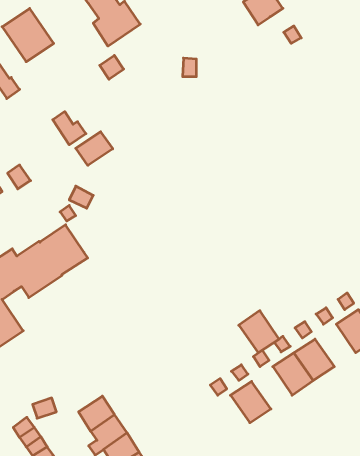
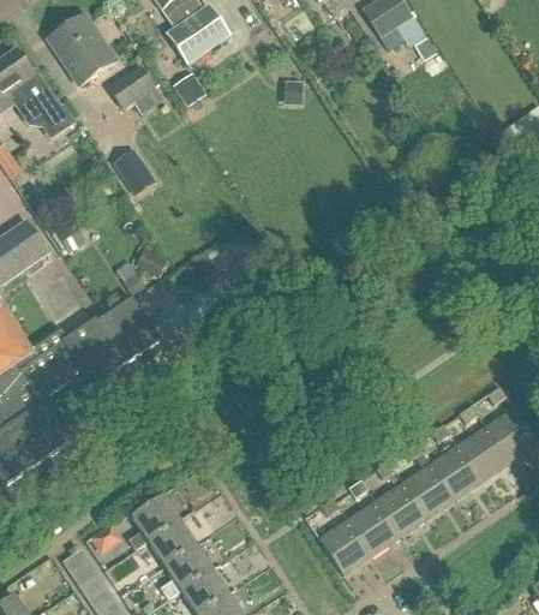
building: none -> [108,61,157,107]
building: [76,132,113,165] -> none
building: [239,311,279,353] -> [373,482,426,537]
building: none -> [456,426,509,482]
building: none -> [130,495,179,548]
building: none -> [318,519,371,574]

